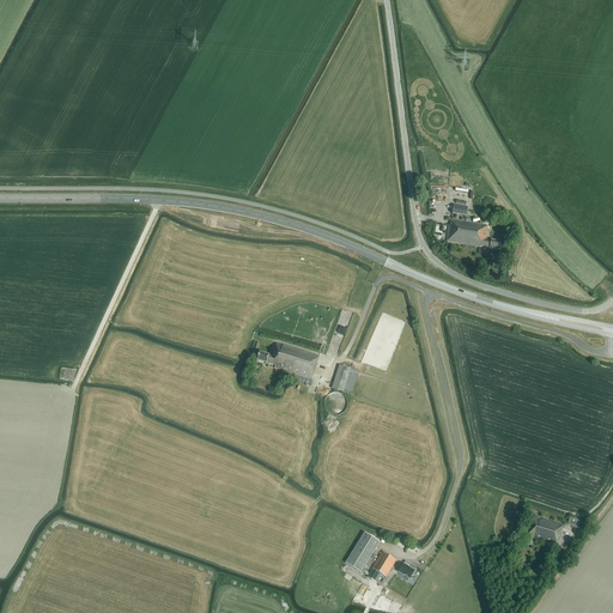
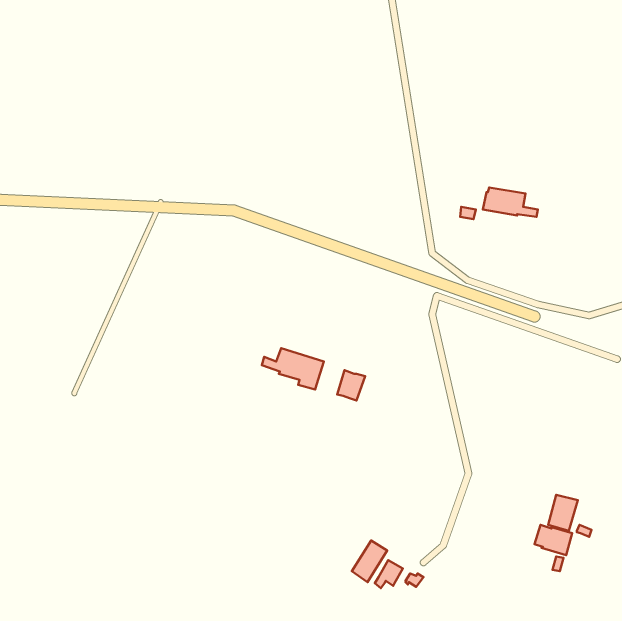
building: [447,219,500,248] -> [483,187,538,217]
building: none -> [548,495,578,531]

